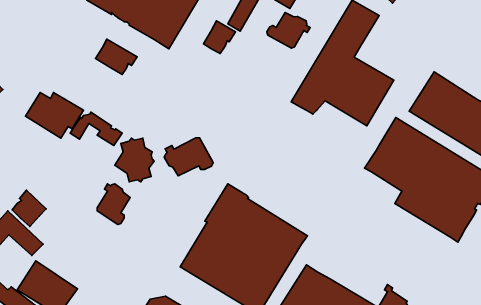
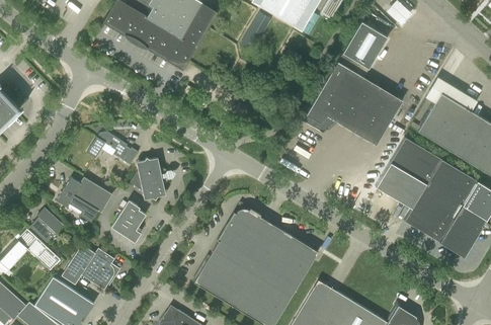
building: [267,12,310,48] -> none
building: [203,21,236,54] -> none
building: [95,39,137,74] -> none
building: [26,92,84,138] -> [56,177,112,222]
building: [164,138,213,176] -> none
building: none -> [61,245,114,291]

